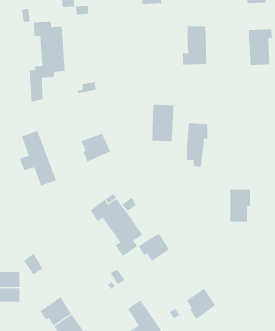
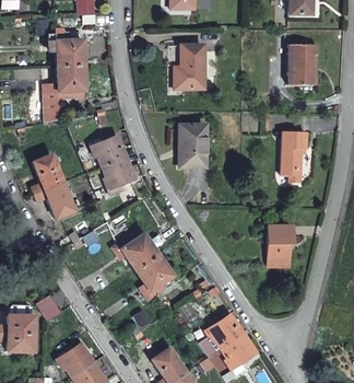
building: [182,26,207,65] -> [178,47,206,92]
building: none -> [91,136,127,167]
building: [186,123,208,167] -> [286,128,311,178]
building: [138,233,170,262] -> [206,315,243,348]

